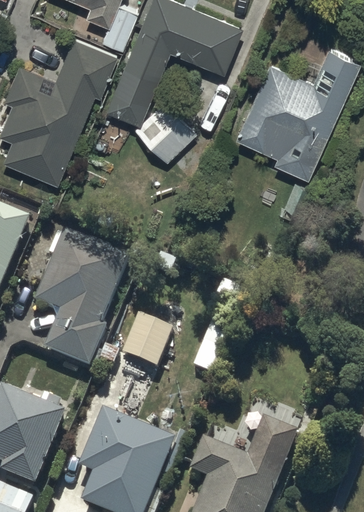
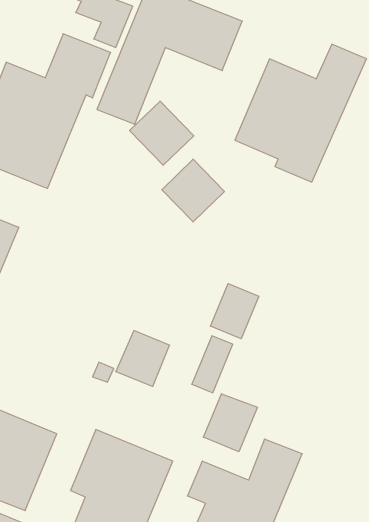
building: none -> [162,159,224,222]
building: [34,233,128,370] -> none
building: none -> [210,284,259,339]
building: none -> [203,394,257,452]

